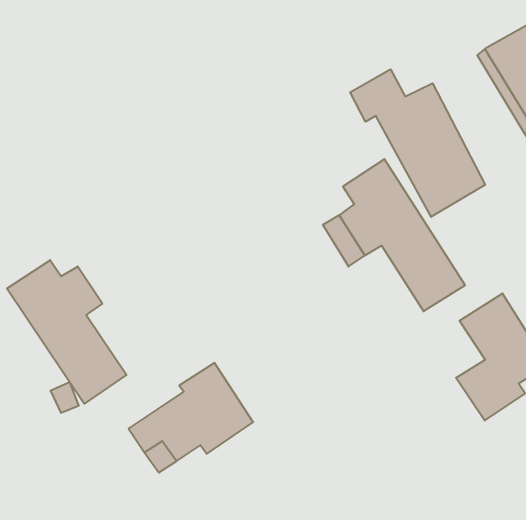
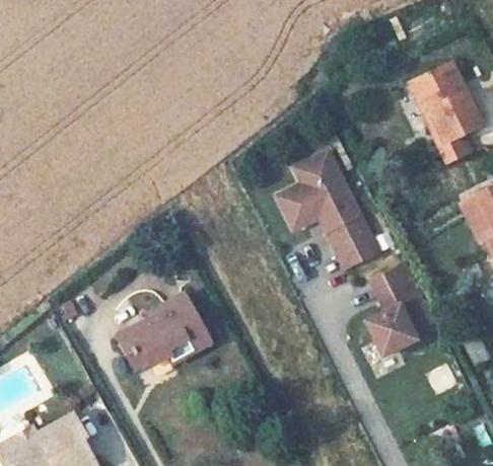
building: [350,69,485,217] -> none
building: [7,260,126,404] -> none

